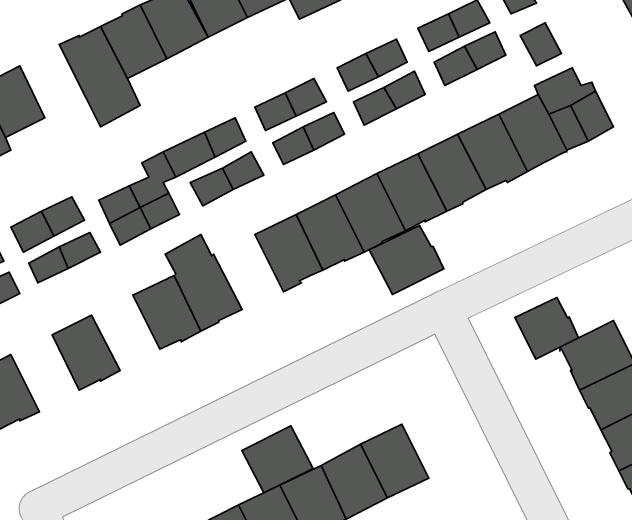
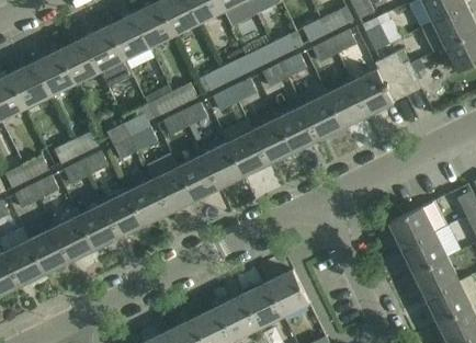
building: none -> [58,37,99,82]
building: [369,226,444,295] -> none
building: none -> [177,153,219,199]
building: none -> [102,191,144,237]
building: [515,298,579,359] -> none
building: none -> [53,215,94,262]
building: [242,426,313,493] -> none

